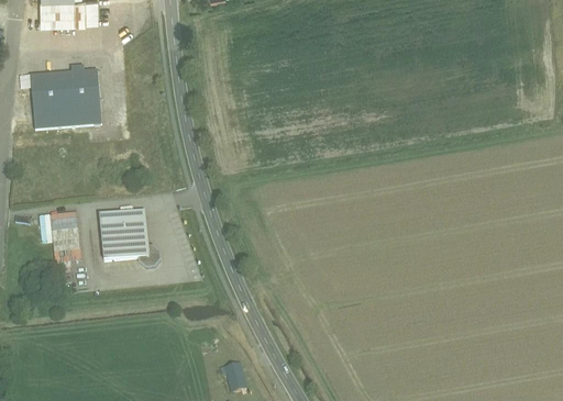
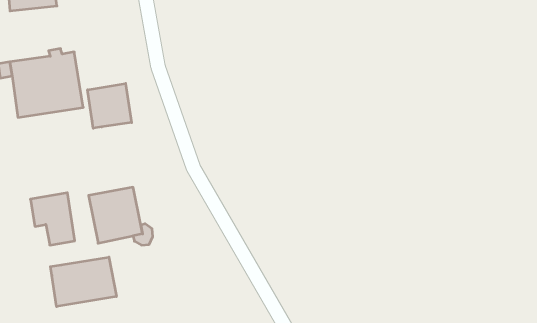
building: none -> [88,83,132,128]
building: none -> [50,257,116,307]

